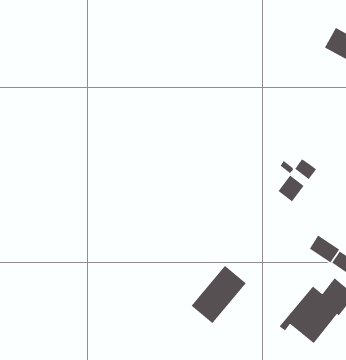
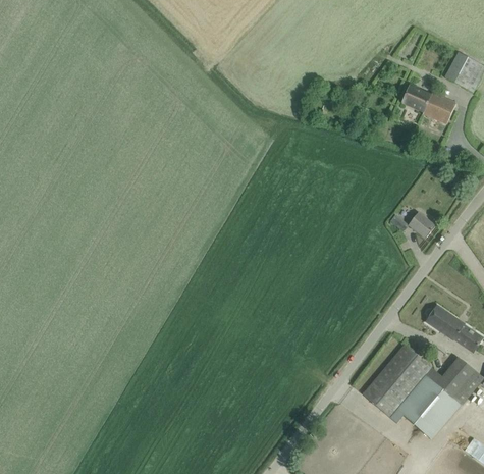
building: none -> [400,85,455,123]
building: [277,174,305,202] -> none
building: [191,265,247,324] -> [362,344,430,416]

